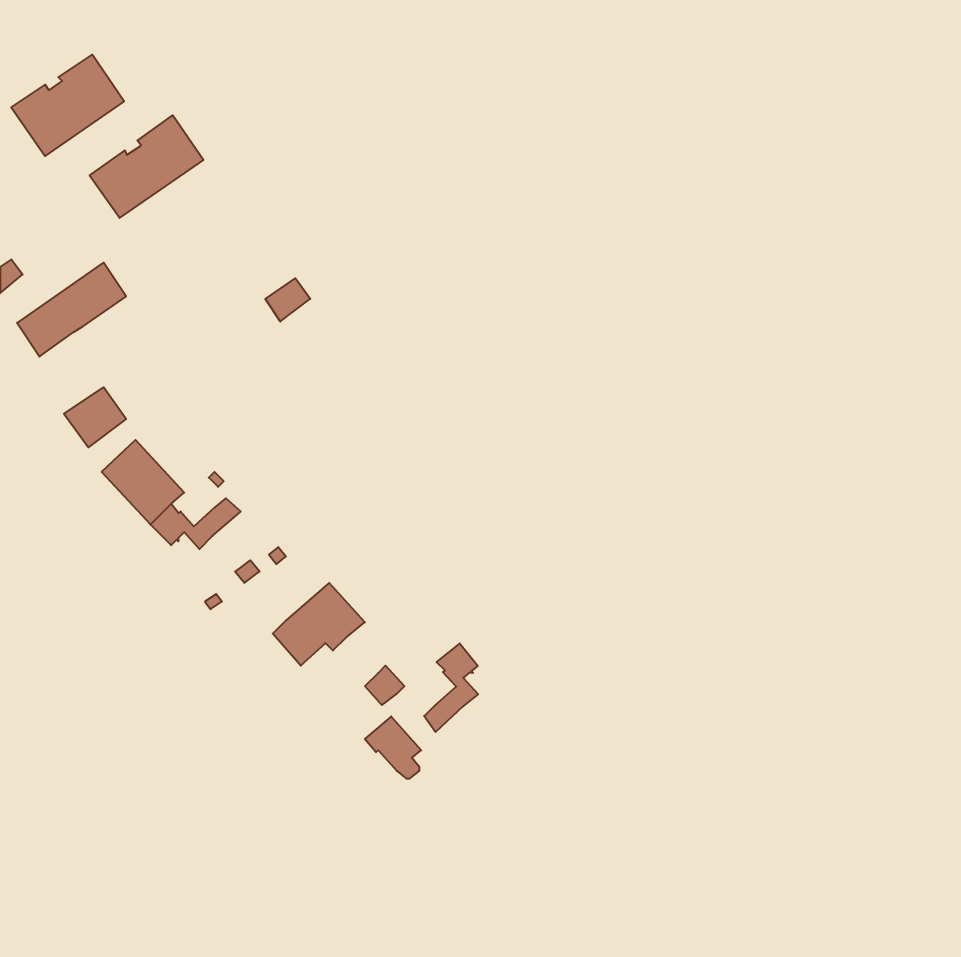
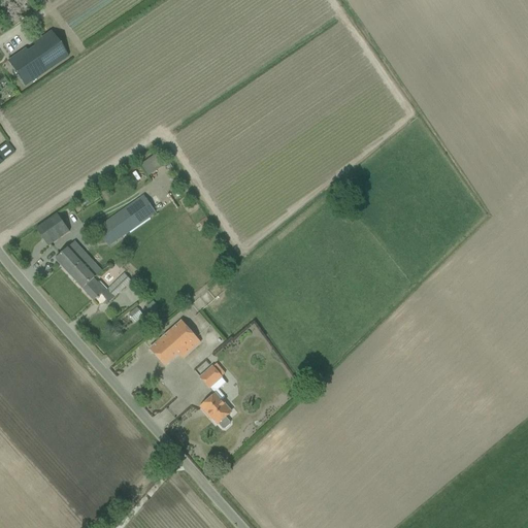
building: [90,115,203,218] -> none
building: [17,263,126,357] -> [96,194,156,245]
building: [424,643,478,732] -> none

